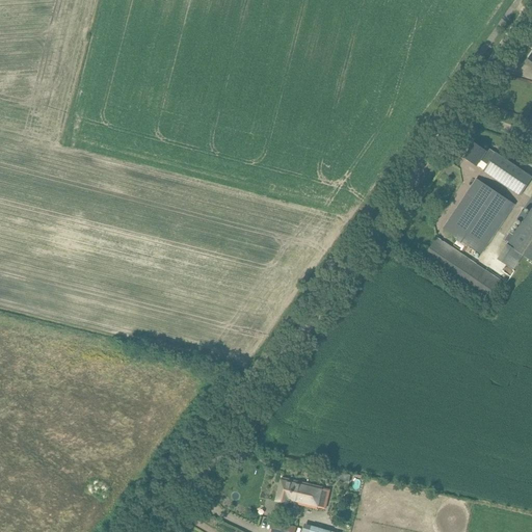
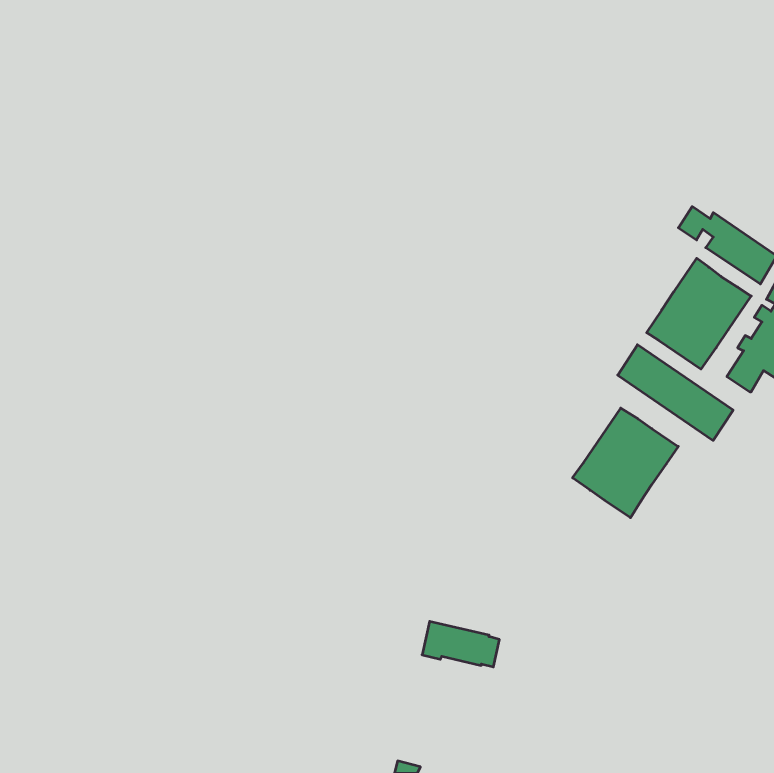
building: none -> [573,408,678,518]
building: [277,476,330,507] -> [422,621,499,667]

